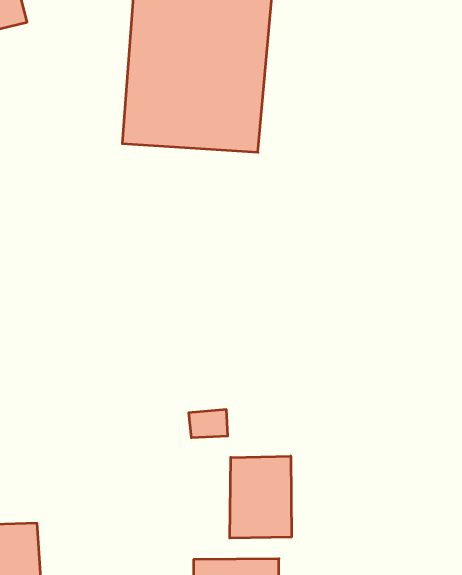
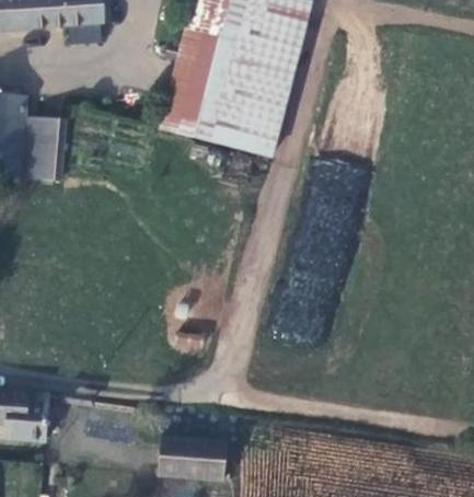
building: [230,456,291,538] -> none

